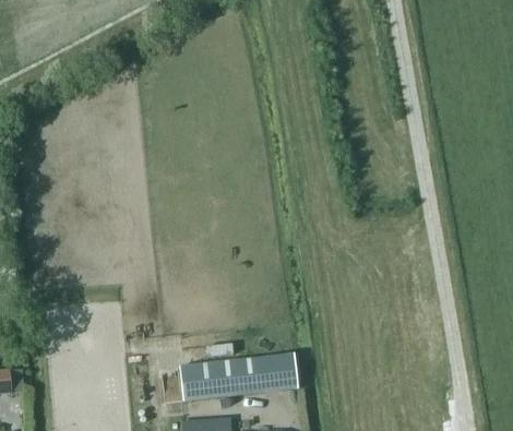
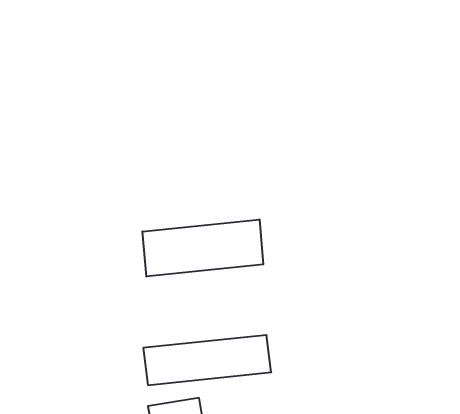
building: none -> [142,219,263,277]

